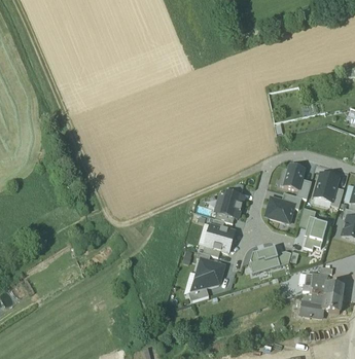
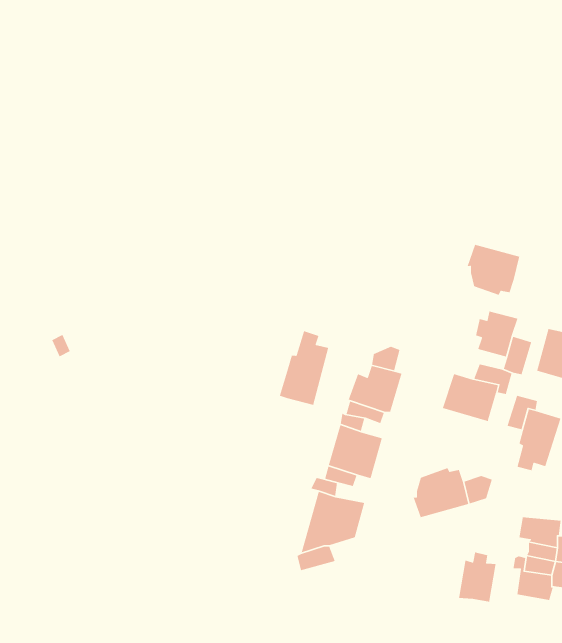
building: none -> [467,244,520,296]
building: none -> [279,330,329,406]
building: none -> [458,551,497,602]

